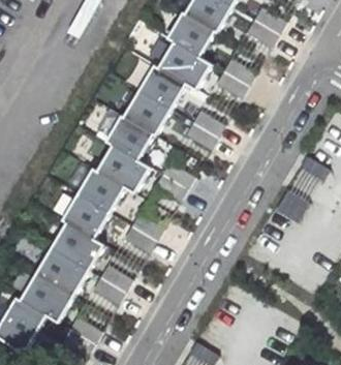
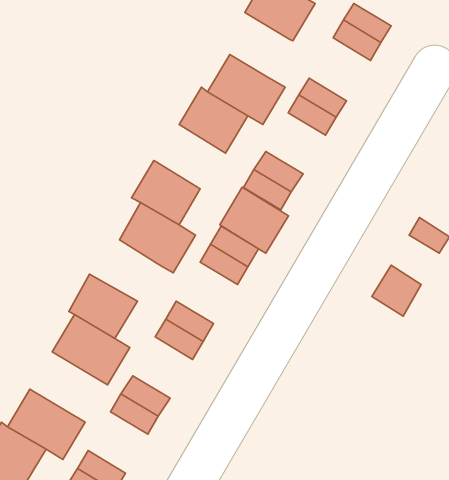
building: [167,12,216,58] -> none
building: [124,91,172,136] -> [220,187,288,253]
building: [78,169,126,213] -> none
building: [36,248,90,297] -> none

